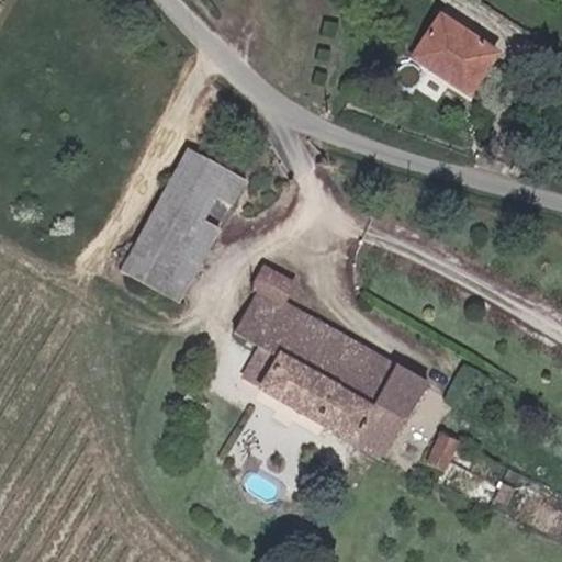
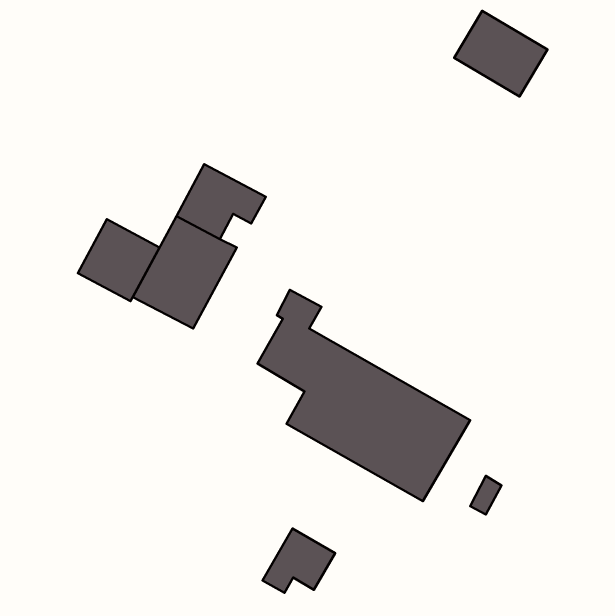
building: none -> [78,219,160,301]
building: none -> [262,529,335,593]

